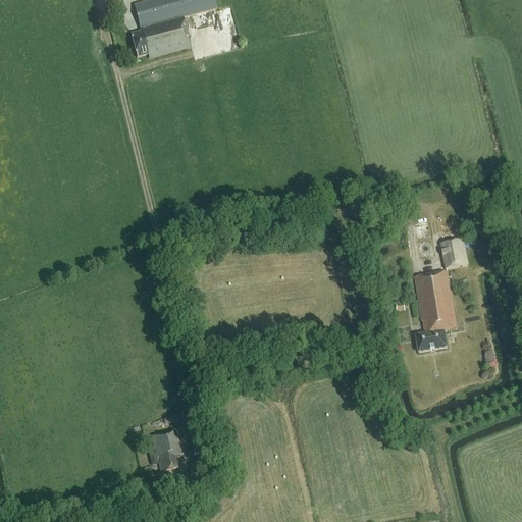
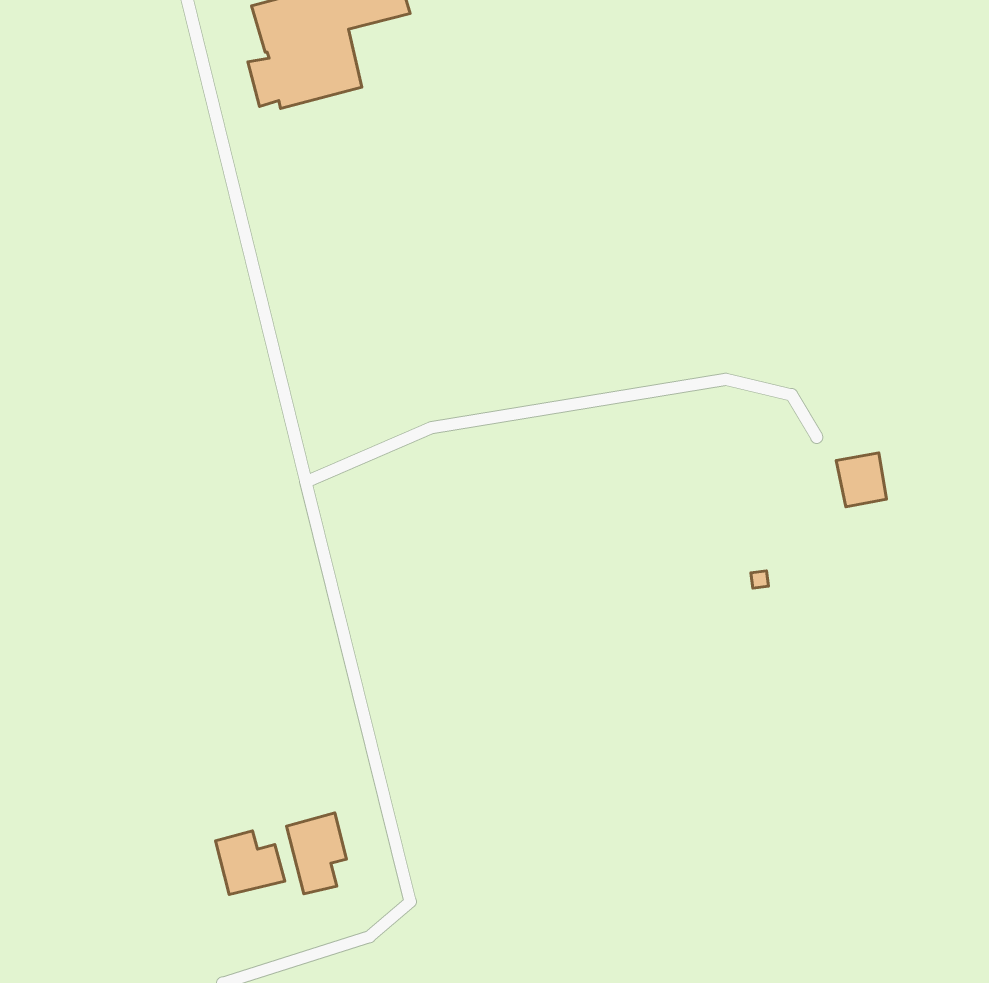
building: [414,270,457,351] -> none
building: none -> [215,831,285,895]

